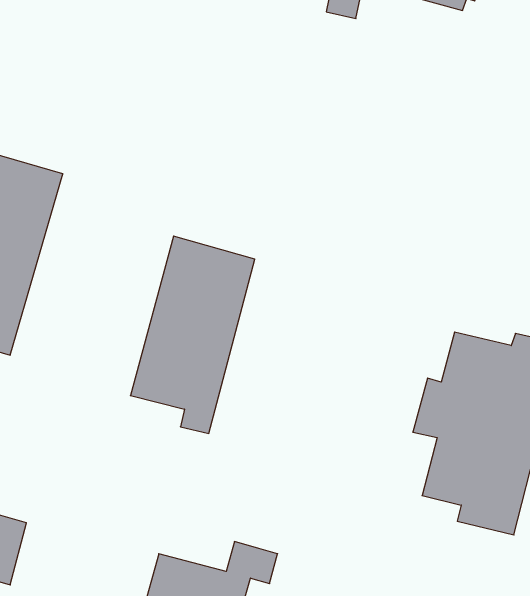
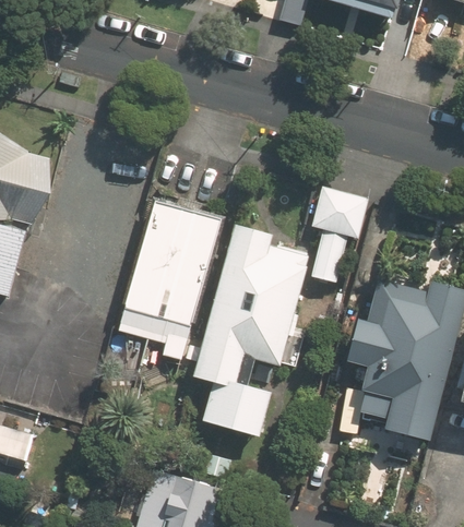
building: none -> [311,185,368,282]
building: none -> [193,224,312,436]

